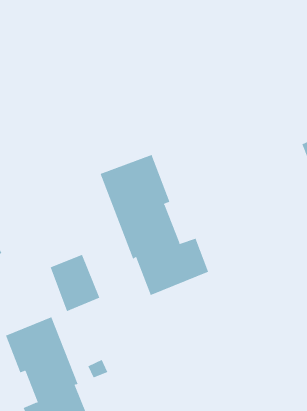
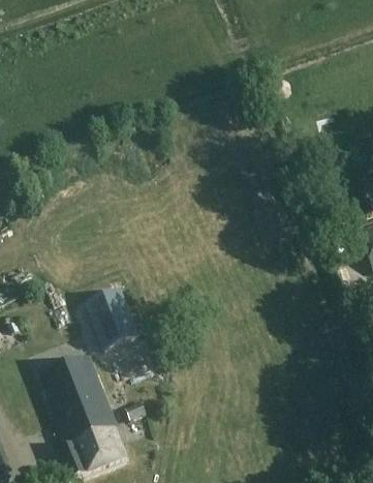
building: [100,154,209,296] -> none

